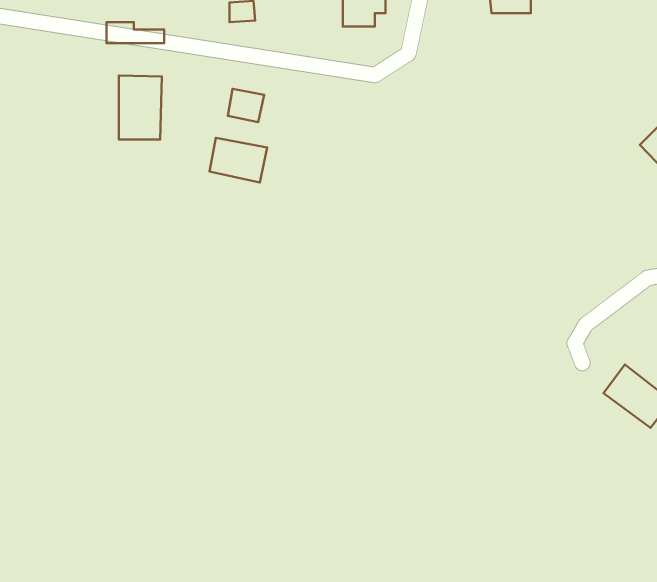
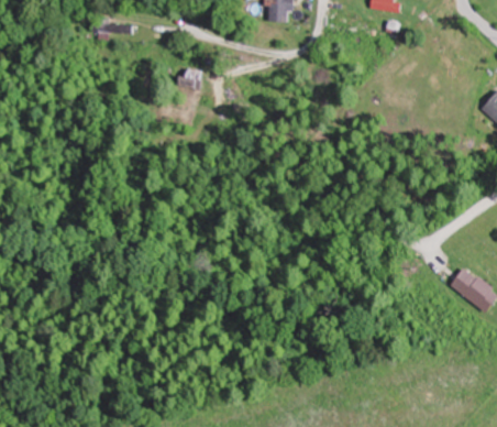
building: [119,76,162,140] -> none
building: [210,138,267,182] -> none

